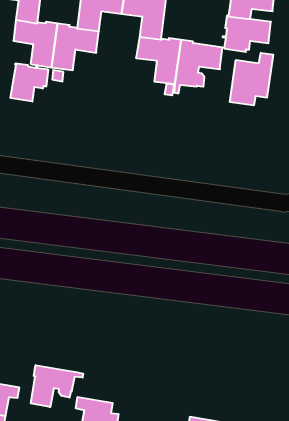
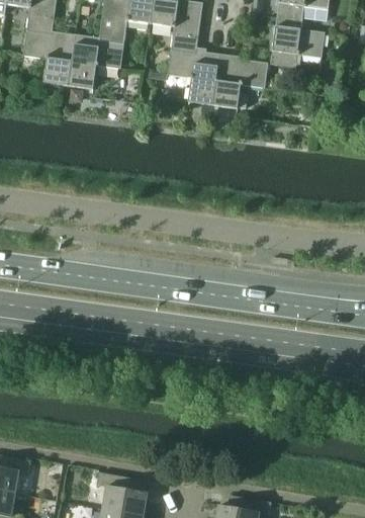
building: [230,53,273,105] -> none
building: [11,63,48,102] -> none
building: [31,365,83,407] -> none

